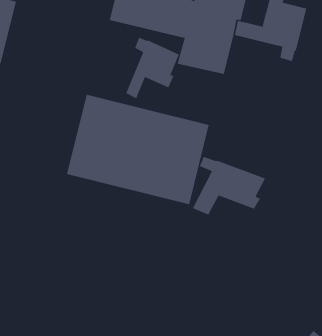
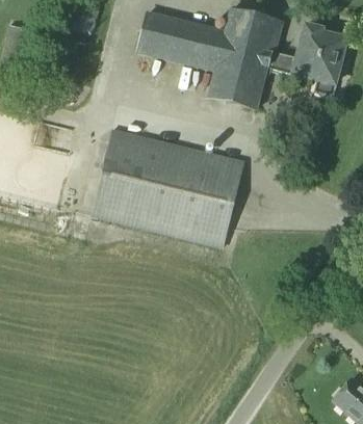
building: [126,37,180,99] -> none
building: [192,156,266,215] -> none

